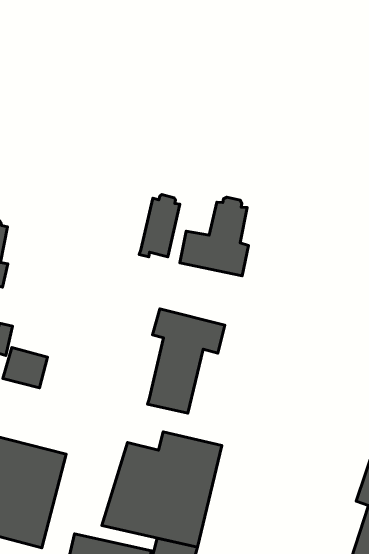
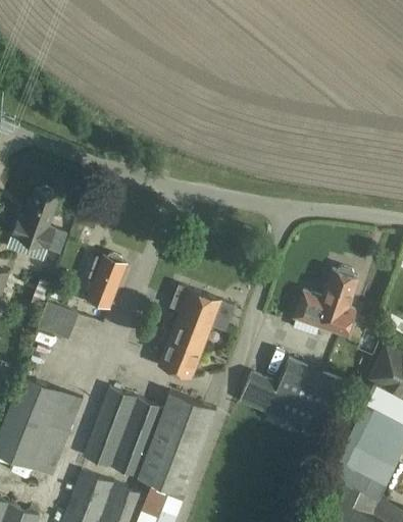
building: [139,195,180,257] -> [85,255,125,309]
building: [180,197,249,276] -> [294,268,358,337]
building: none -> [239,359,343,436]
building: none -> [82,387,137,466]

